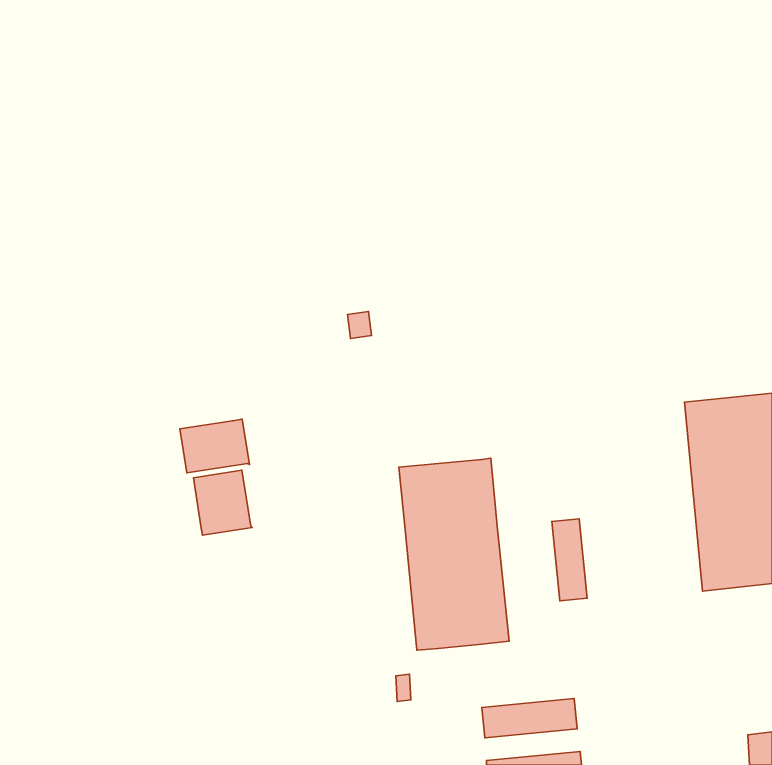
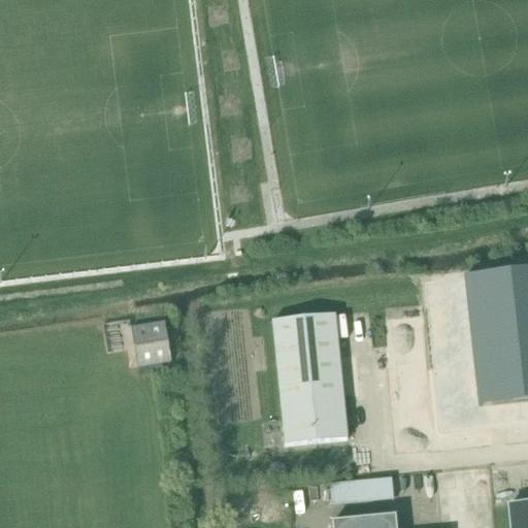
building: [180,419,250,473] -> none
building: [552,519,587,601] -> none

